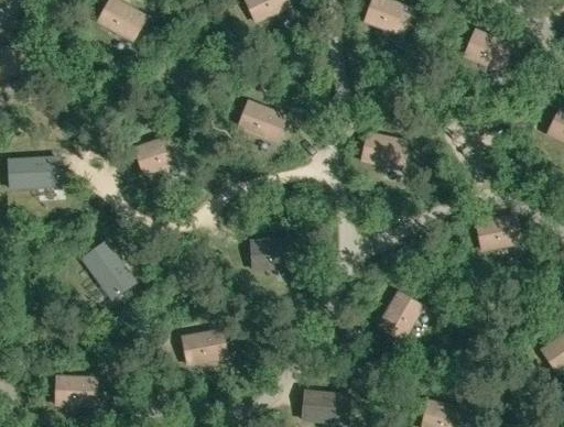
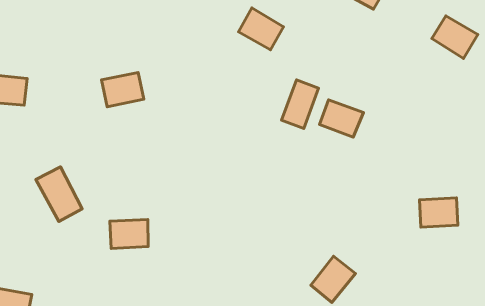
building: [239,100,284,140] -> [239,8,284,50]
building: none -> [282,80,319,129]
building: [251,239,291,269] -> none
building: [183,328,226,363] -> [110,219,148,249]

